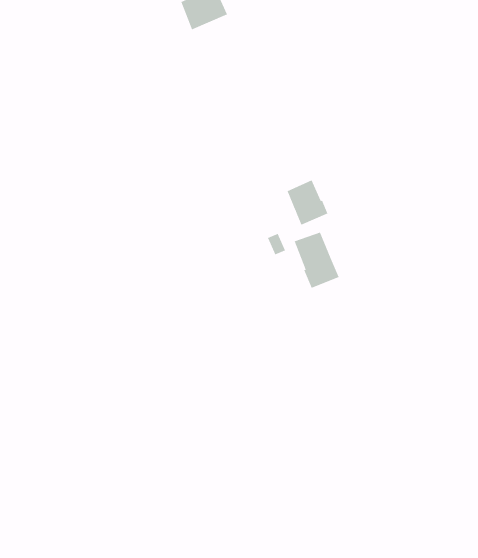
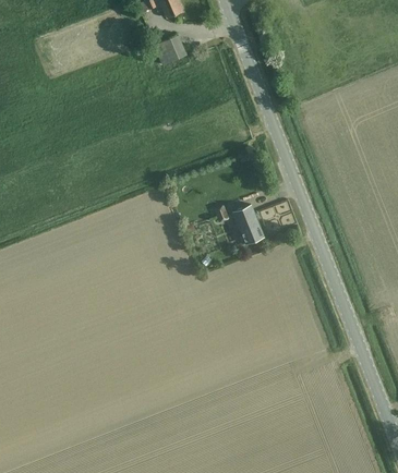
building: [287,179,328,225] -> none

